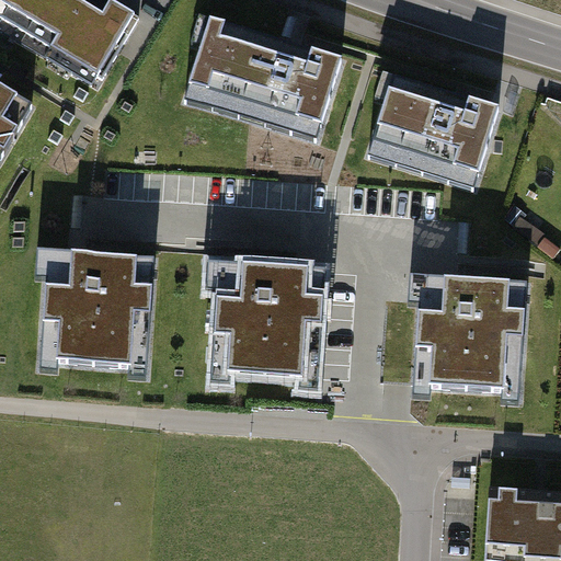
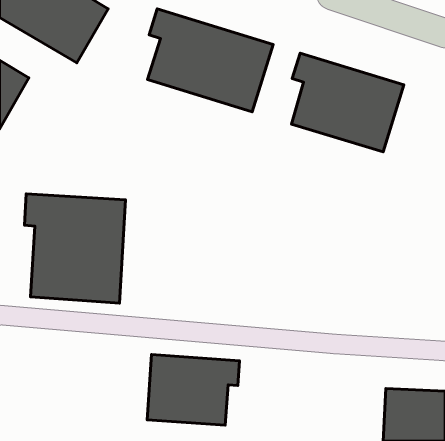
building: [202,254,329,391] -> none
building: [404,268,531,407] -> none
building: none -> [147,354,240,425]

